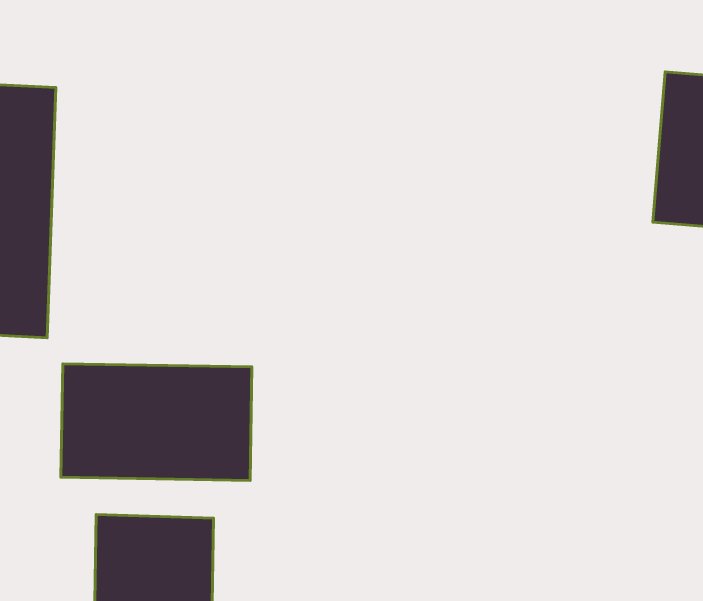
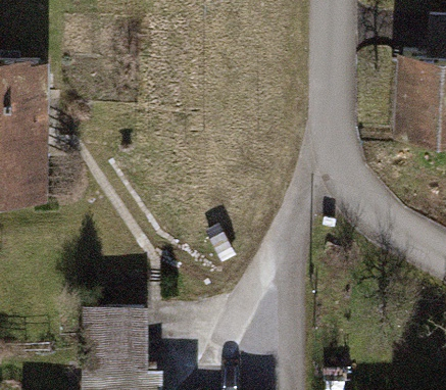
building: [61,364,252,480] -> none

